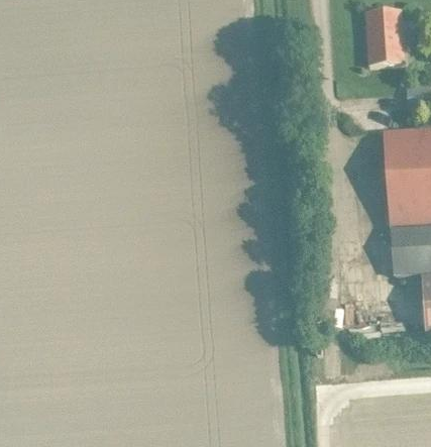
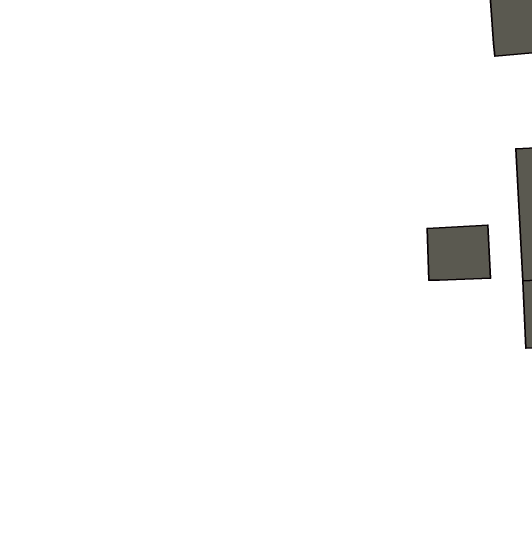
building: none -> [427,225,491,280]

